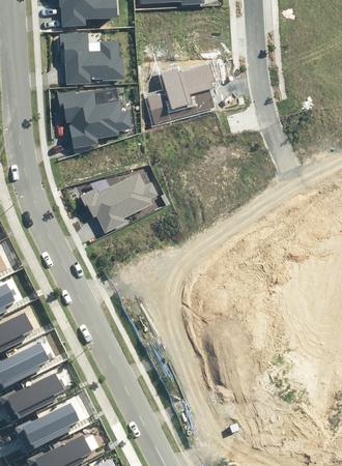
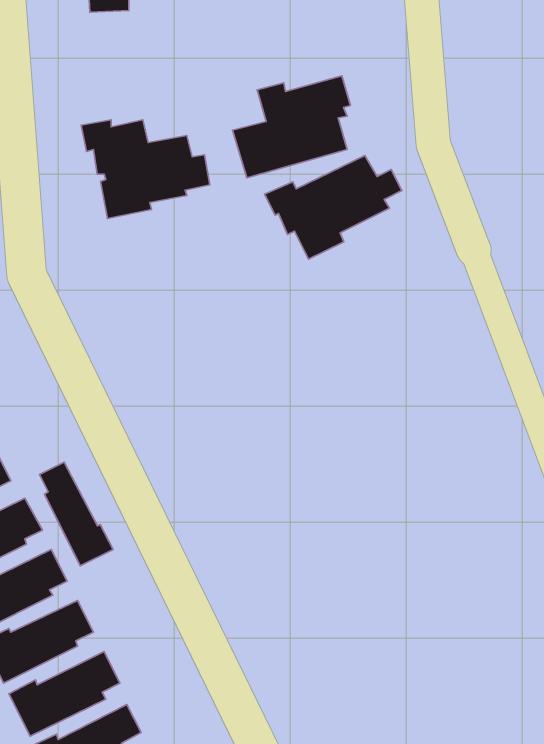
building: [58,33,124,84] -> none
building: [79,173,160,234] -> [264,155,402,259]
building: none -> [39,462,113,566]

